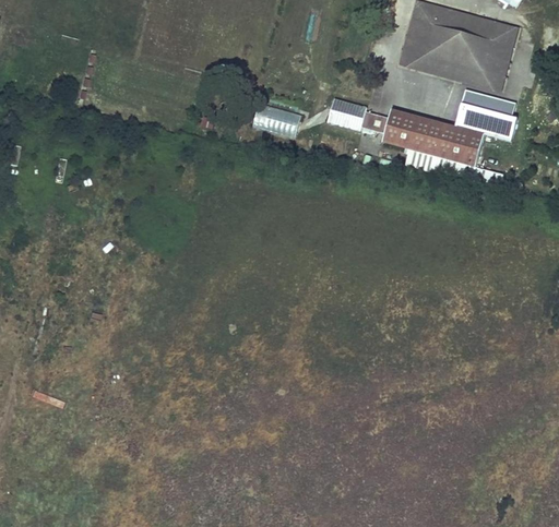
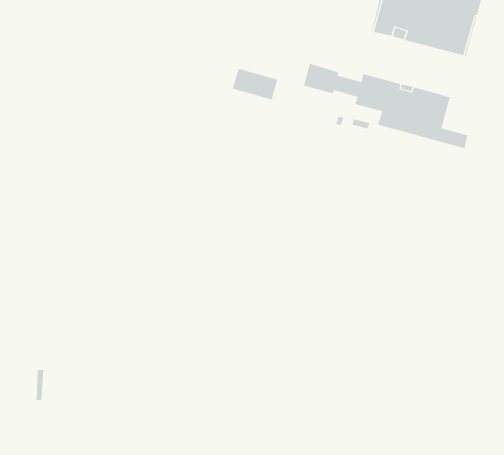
building: [456,88,515,141] -> none

